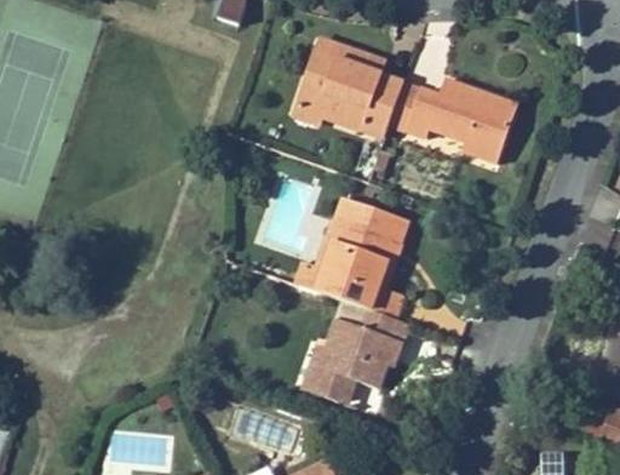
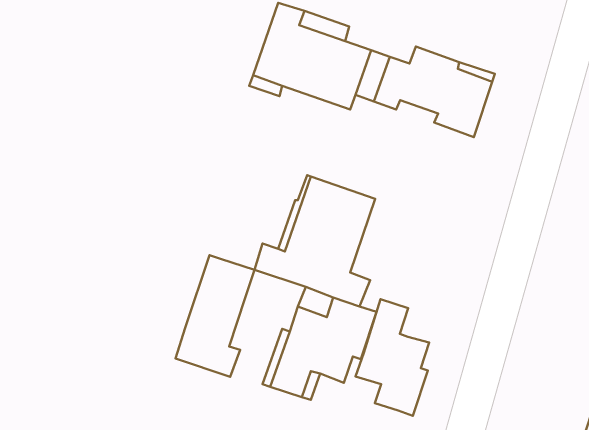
building: none -> [175,255,255,377]
building: none -> [356,299,429,416]

